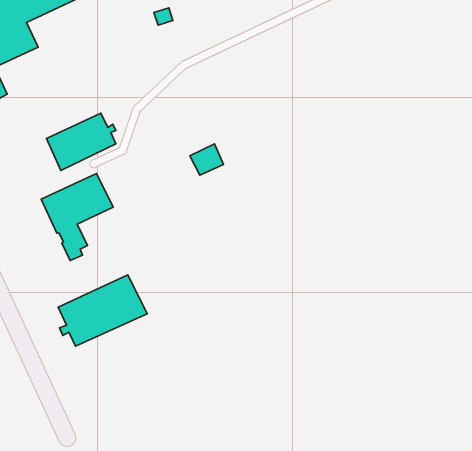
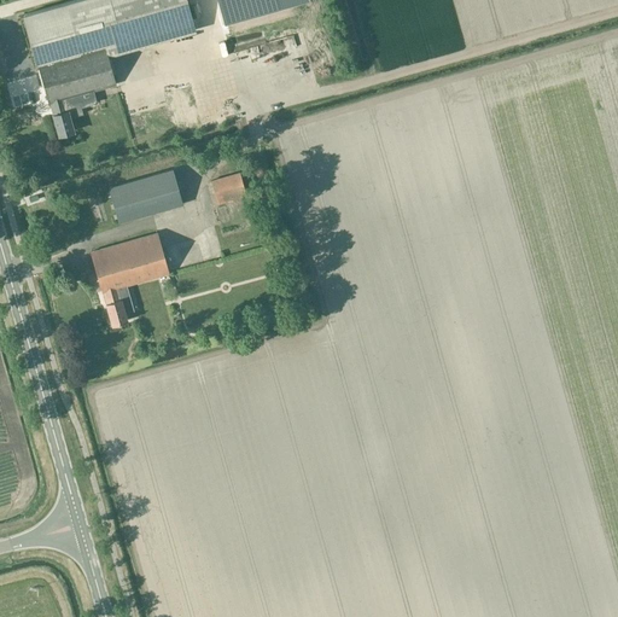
building: [190,144,223,175] -> [211,173,246,204]
building: [58,275,147,346] -> none

